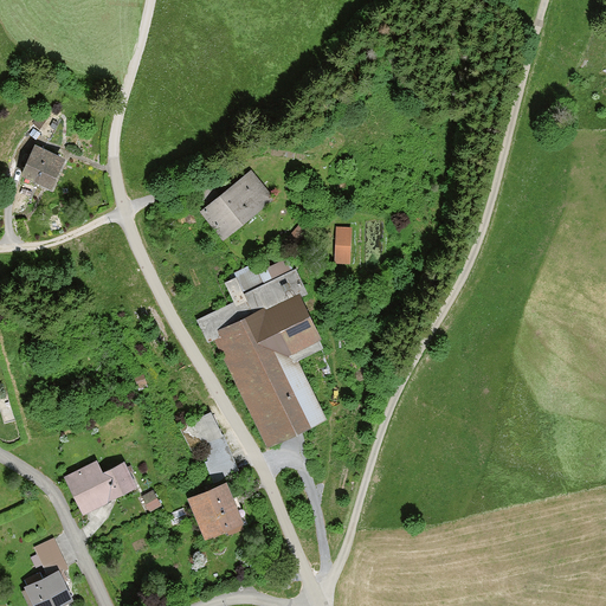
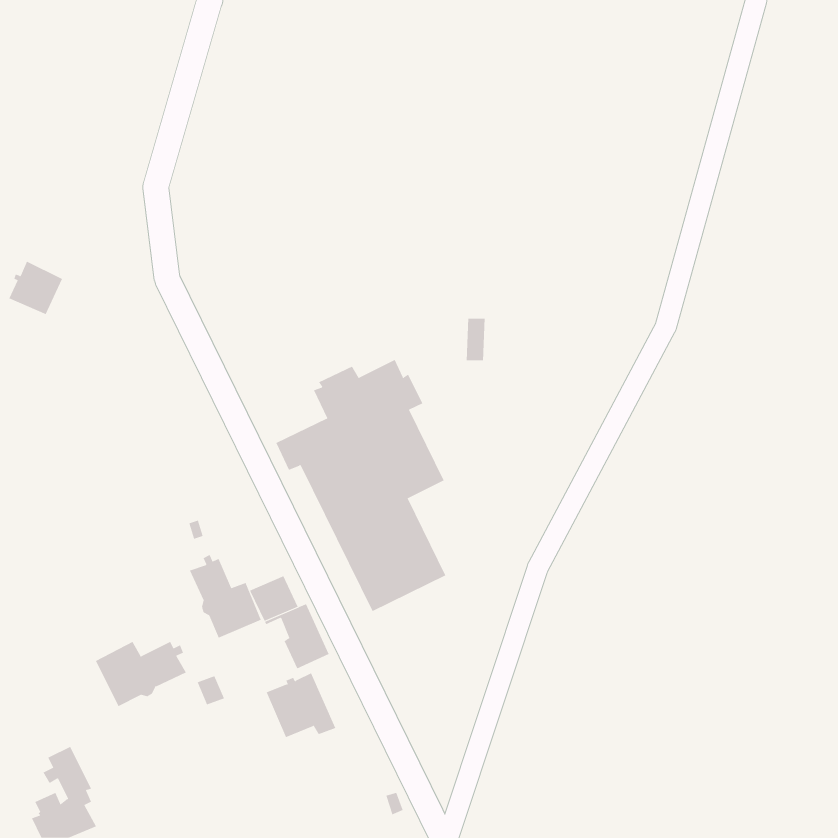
building: [22,147,62,186] -> [9,261,63,315]
building: [205,175,270,234] -> none
building: none -> [189,554,261,639]

